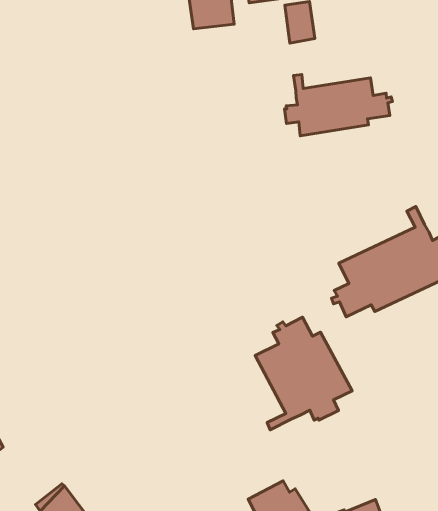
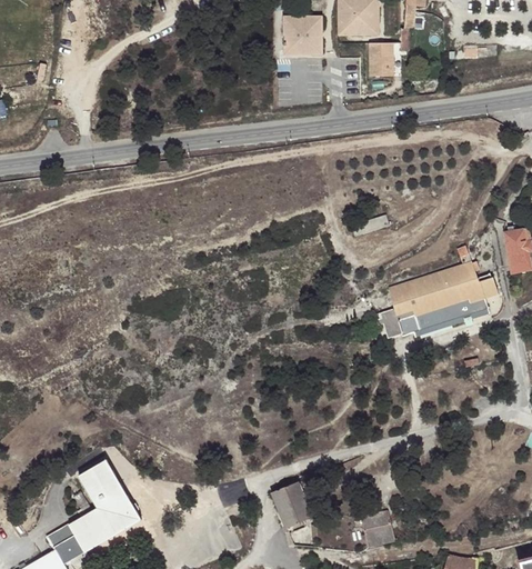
building: [285,75,392,136] -> none
building: [255,317,352,430] -> none

